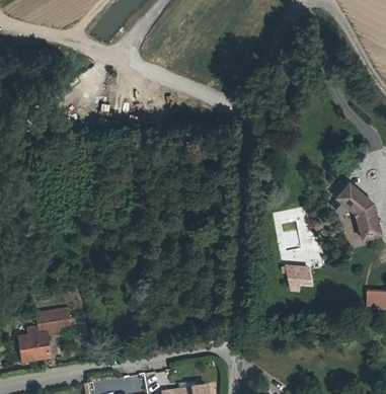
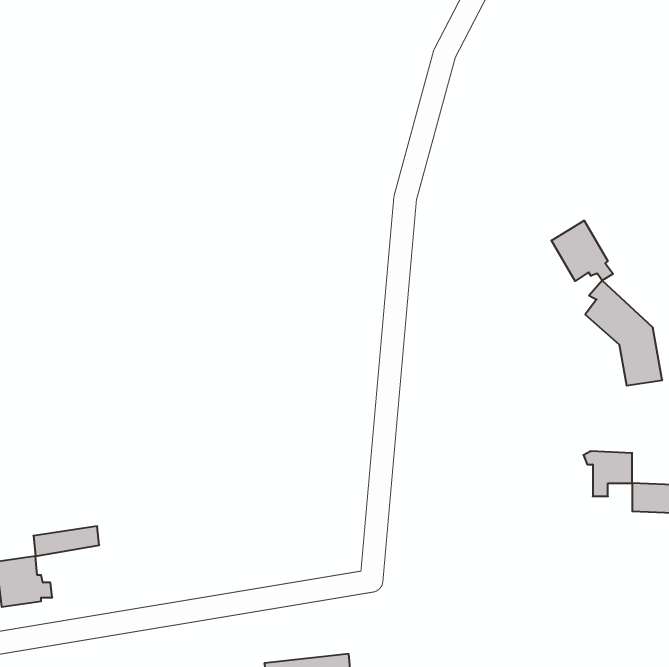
building: none -> [551,220,613,281]
building: [280,265,306,290] -> [583,451,632,496]

